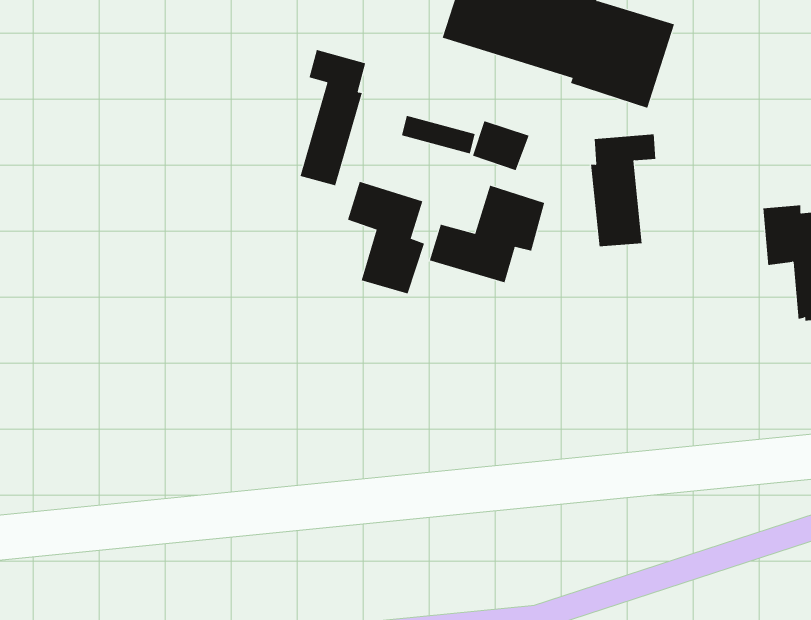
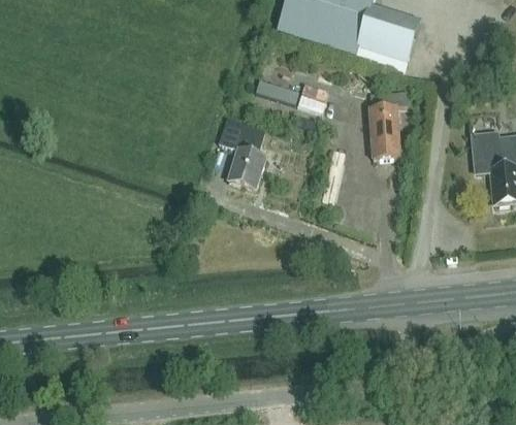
building: [300,49,366,186] -> none
building: [429,185,545,283] -> none

